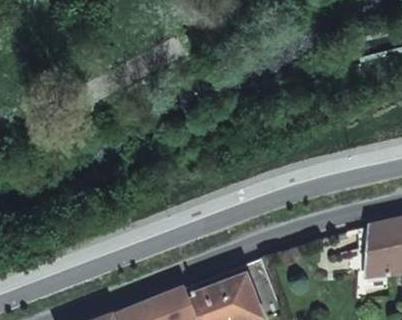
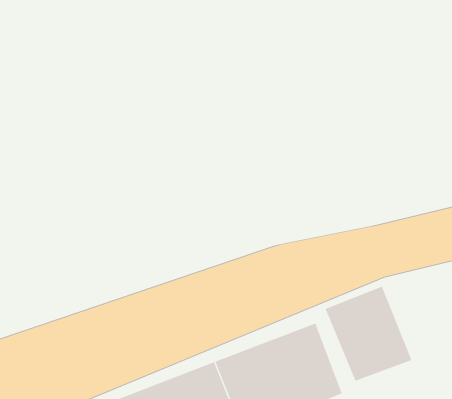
building: none -> [325,286,412,382]

